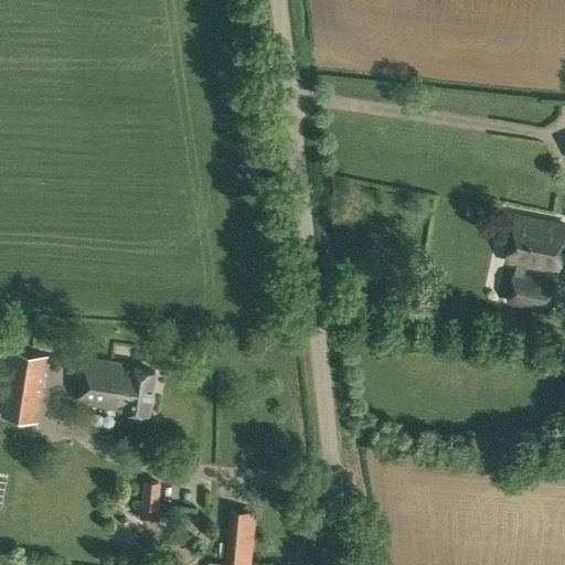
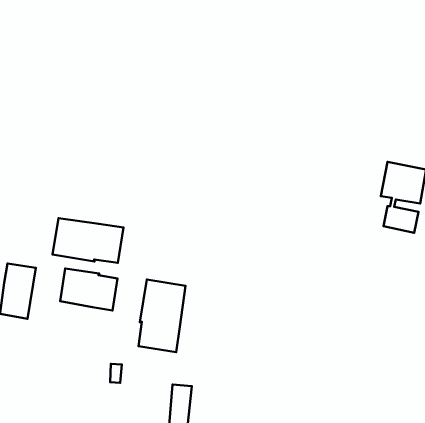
building: none -> [53,218,124,263]
building: none -> [138,280,186,352]

